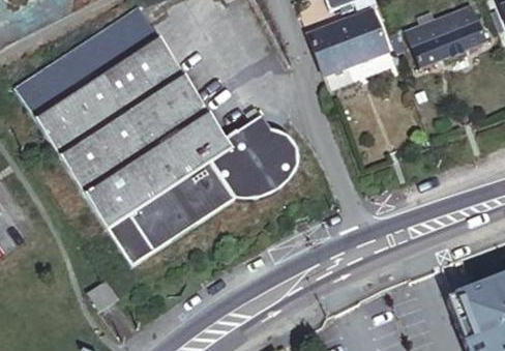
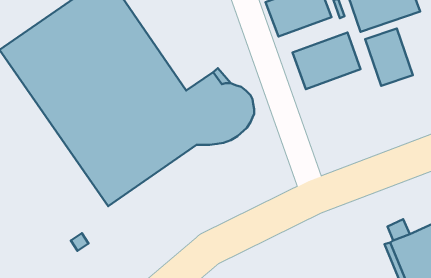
building: none -> [365,29,413,86]
building: none -> [293,32,361,89]

